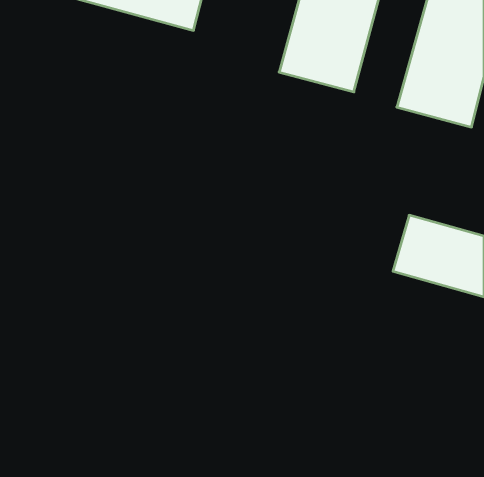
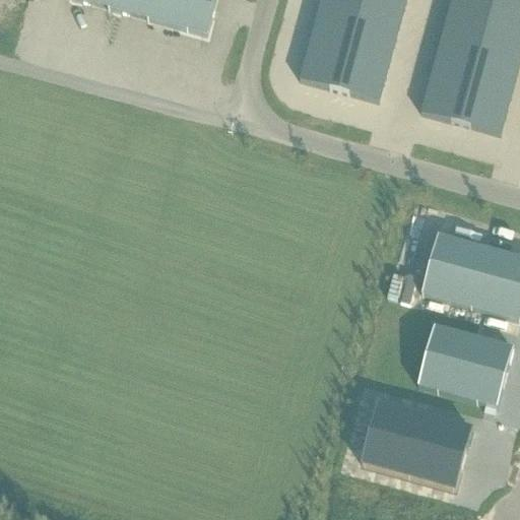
building: none -> [417,323,512,405]
building: none -> [363,402,470,488]

